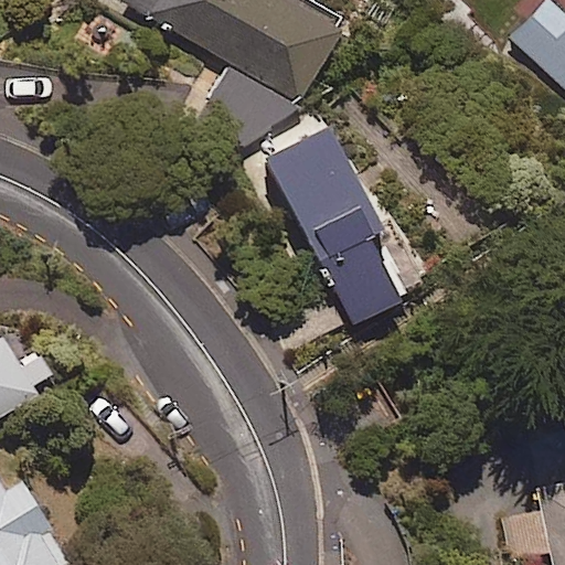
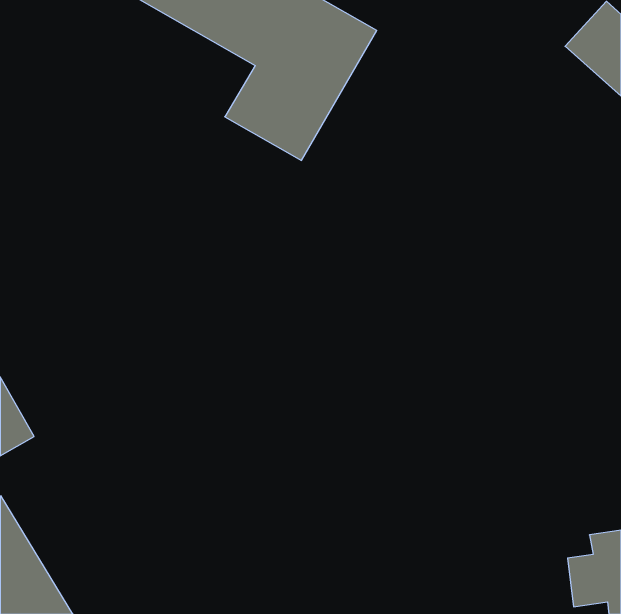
building: [265,115,408,321] -> none

